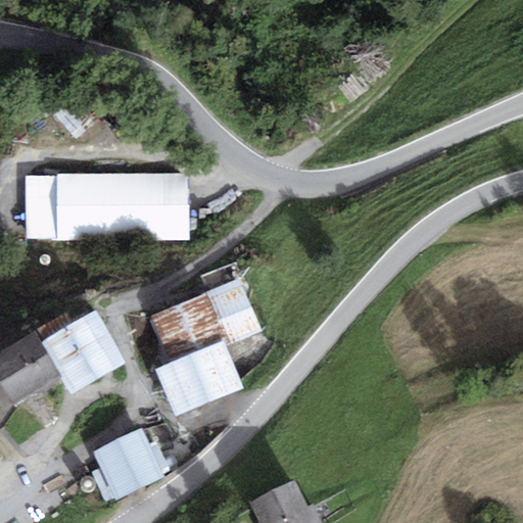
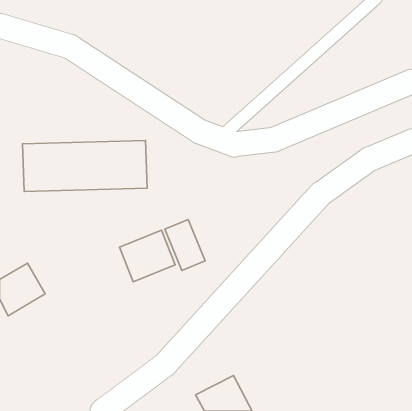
building: [42,308,124,388] -> none
building: [155,340,241,415] -> none
building: [92,427,164,498] -> none

